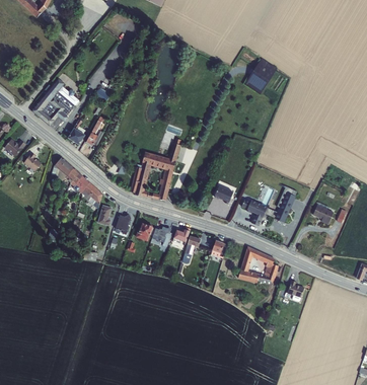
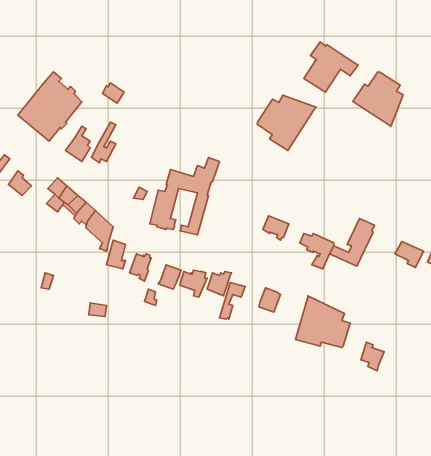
building: none -> [353,72,403,126]
building: none -> [257,95,316,151]

